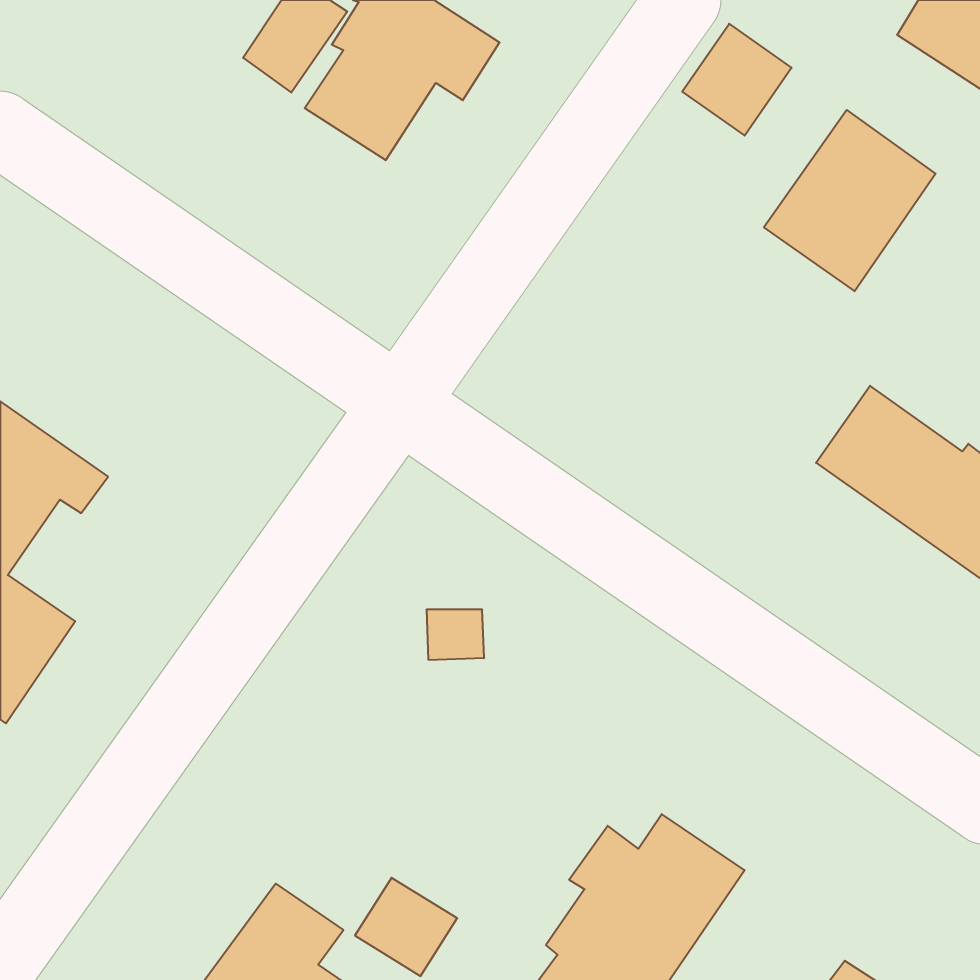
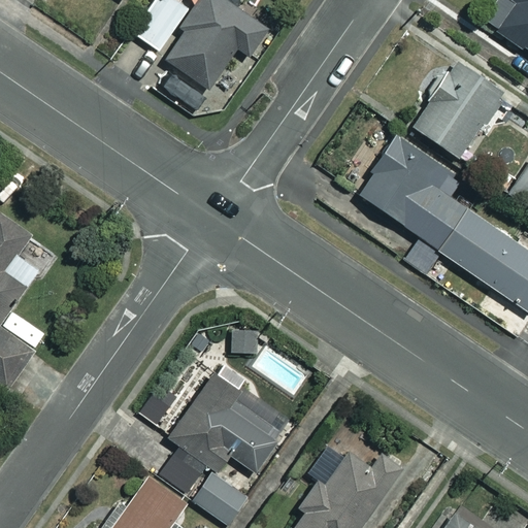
building: [682,24,792,136] -> none
building: none -> [356,135,468,251]
building: none -> [169,372,290,478]

